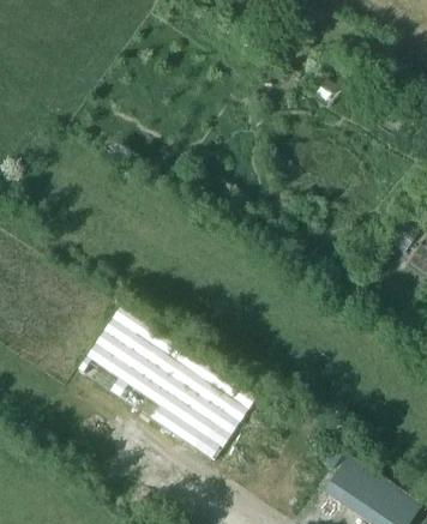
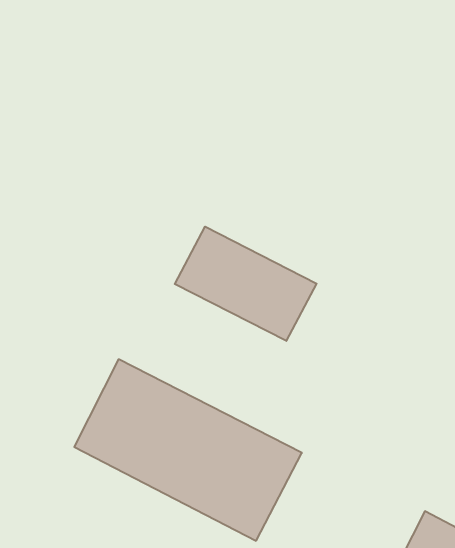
building: none -> [175,227,317,341]

